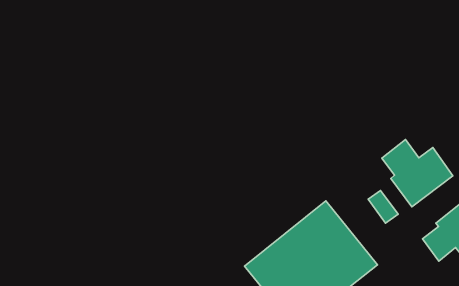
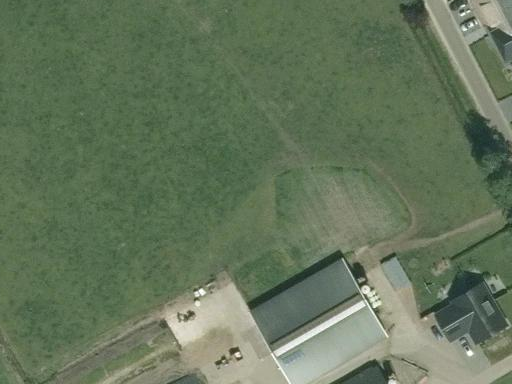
building: [382,140,453,207] -> none

